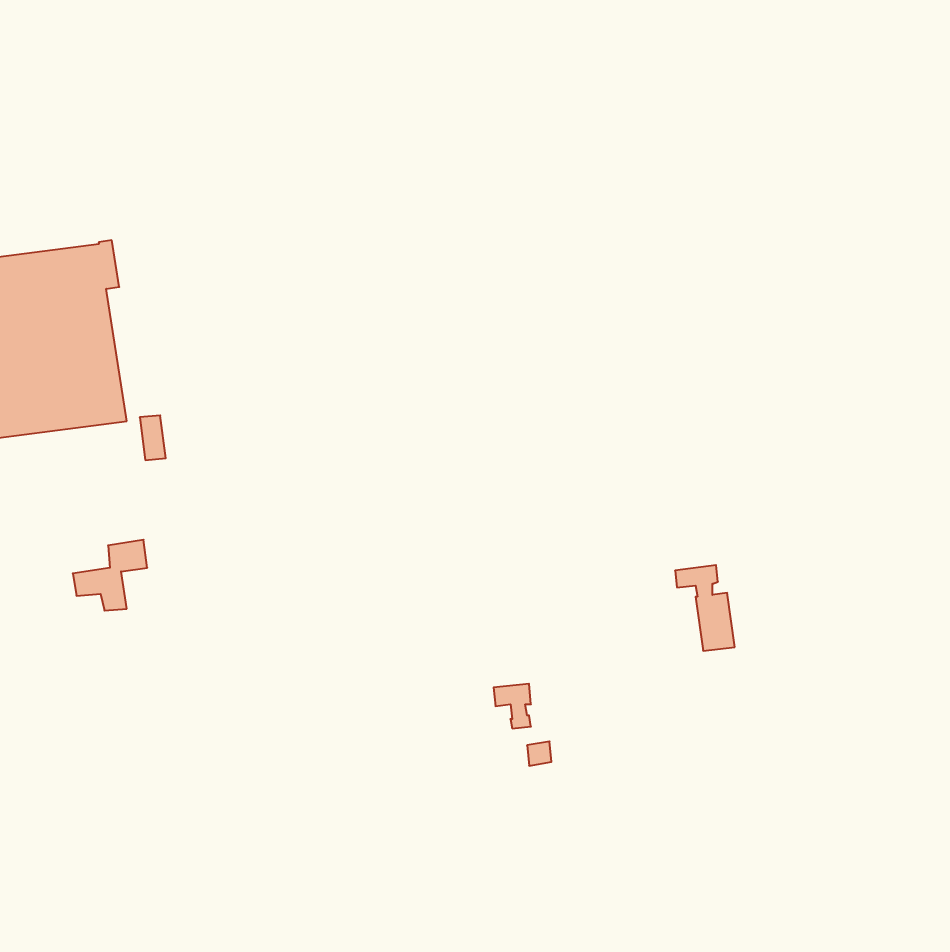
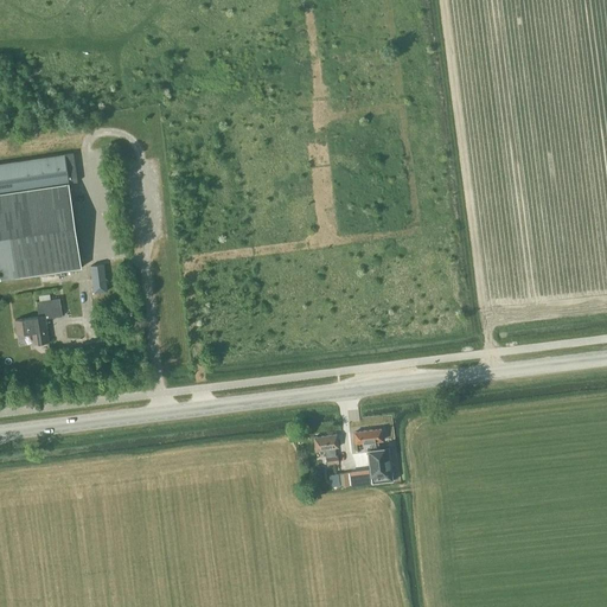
building: [73,540,147,611] -> [13,299,60,344]
building: [675,565,735,651] -> [354,429,392,484]

